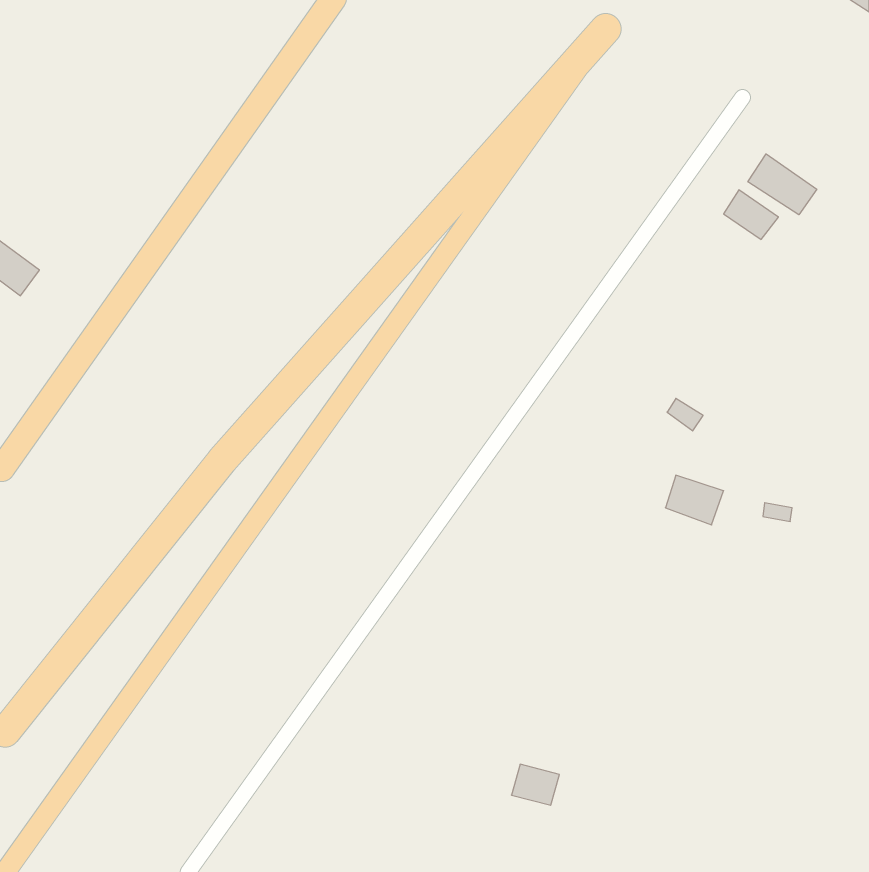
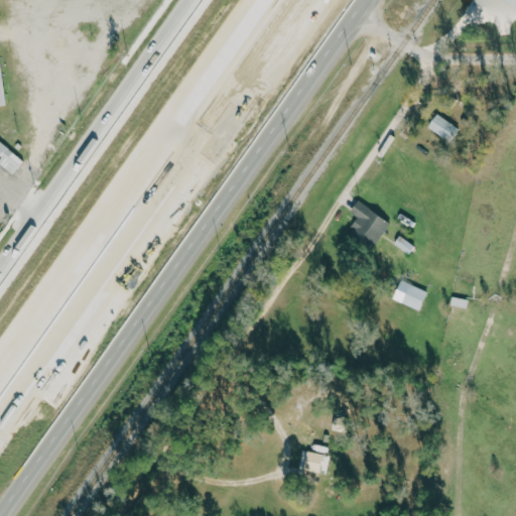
building: [748,154,817,215] -> none
building: none -> [347,201,389,246]

